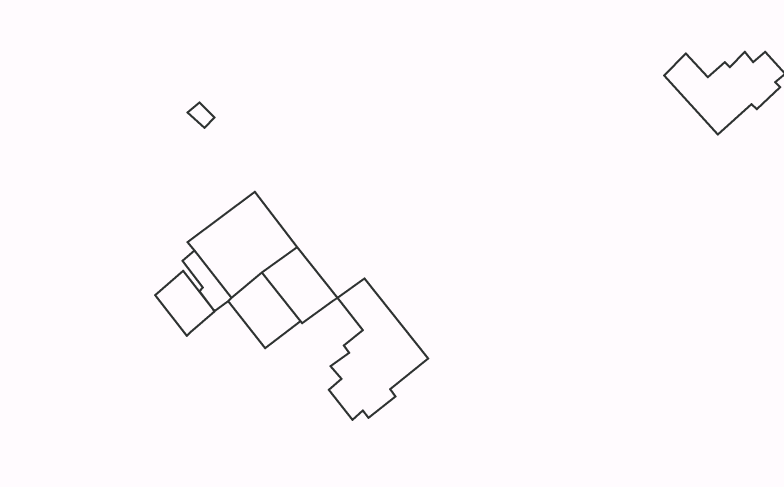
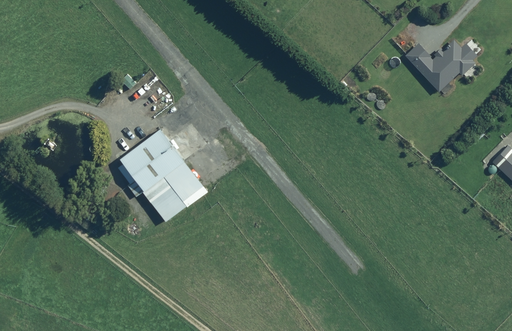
building: [155,271,215,336] -> none
building: [329,279,428,420] -> none

